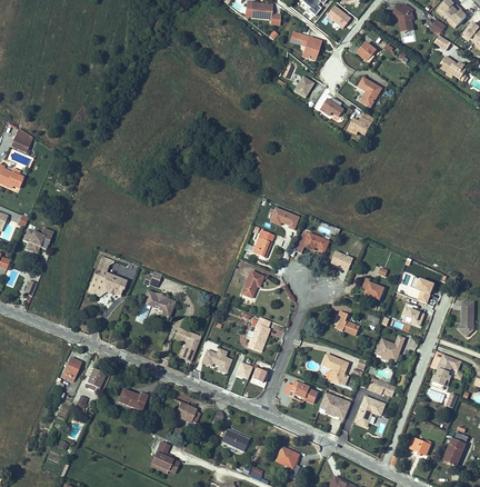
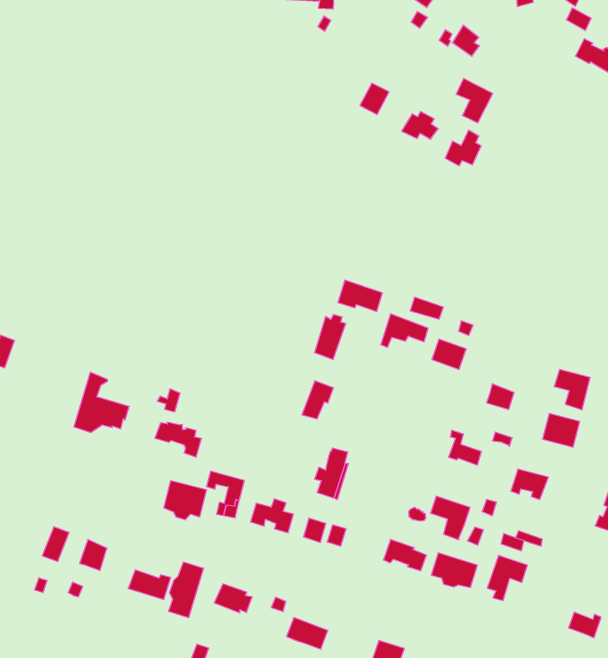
building: [286,27,321,60] -> none
building: none -> [164,481,207,520]
building: none -> [169,562,204,618]

